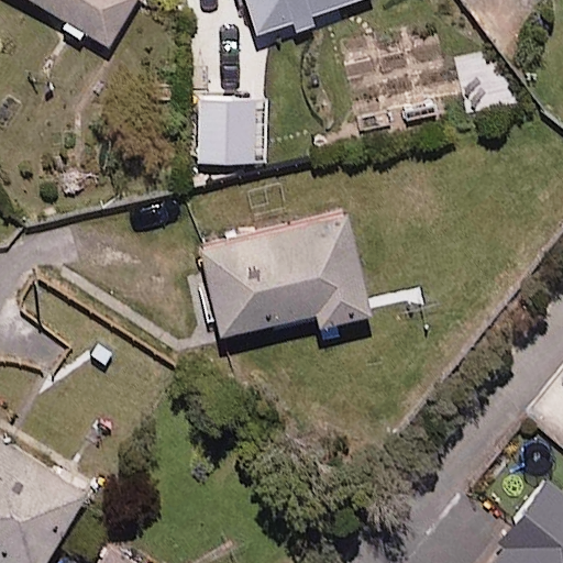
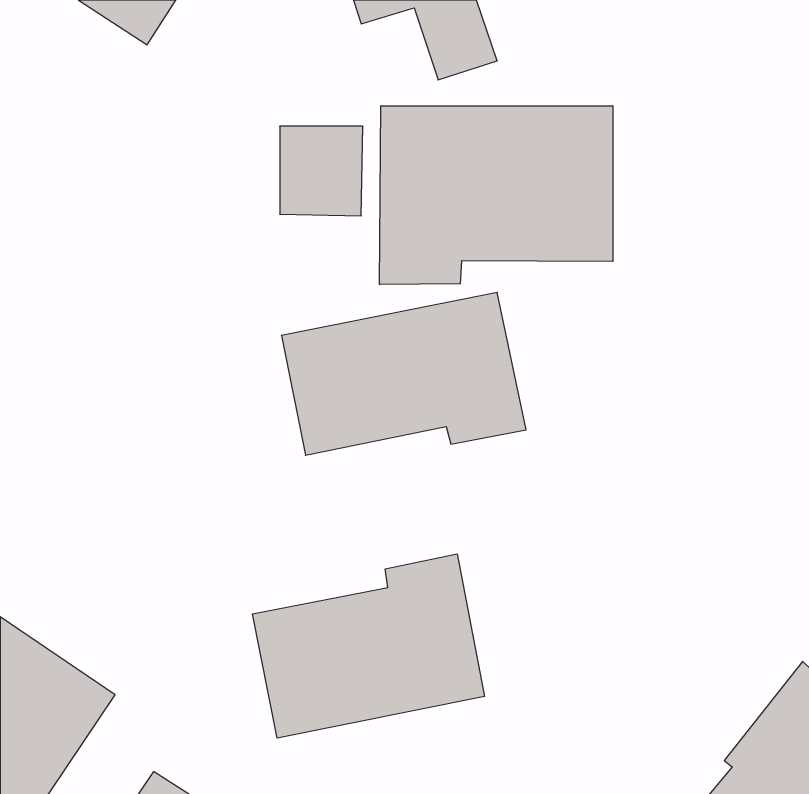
building: none -> [380,106,613,285]
building: none -> [252,554,484,738]

